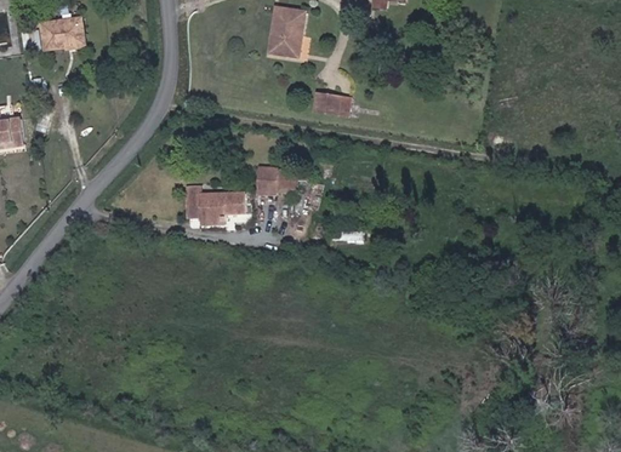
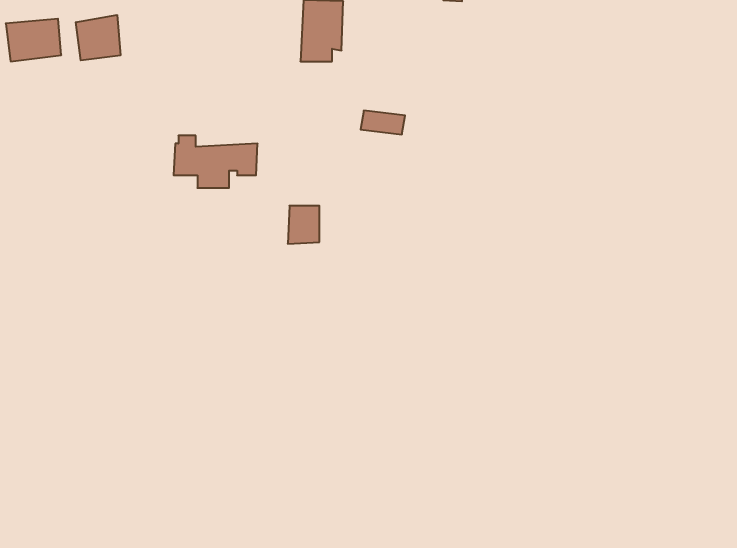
building: none -> [76,15,120,60]
building: [183,185,247,225] -> [174,136,258,188]

